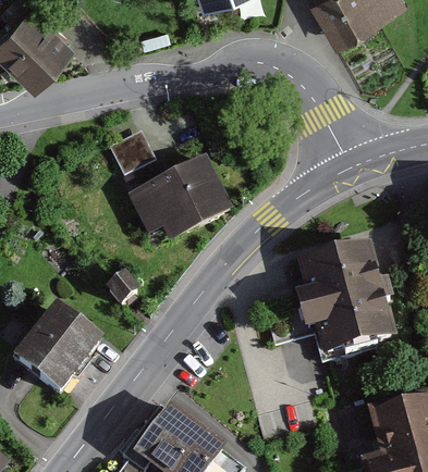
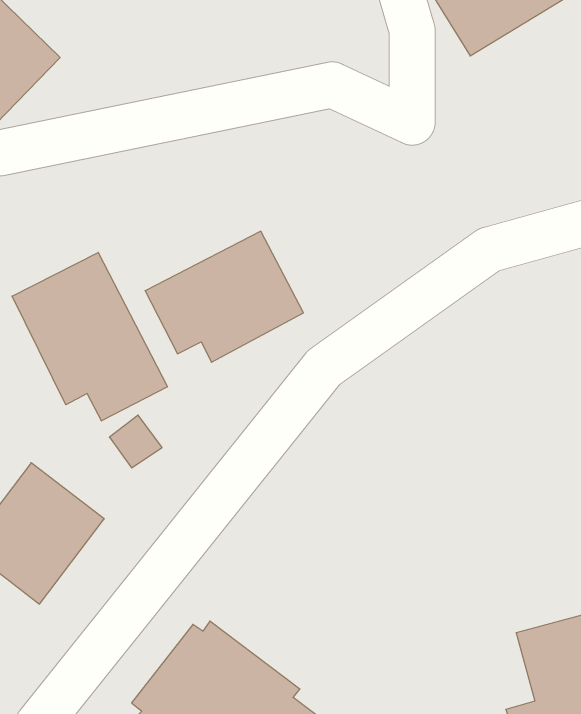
building: [109,133,156,177] -> none
building: none -> [12,252,167,421]
building: [295,244,398,364] -> none

